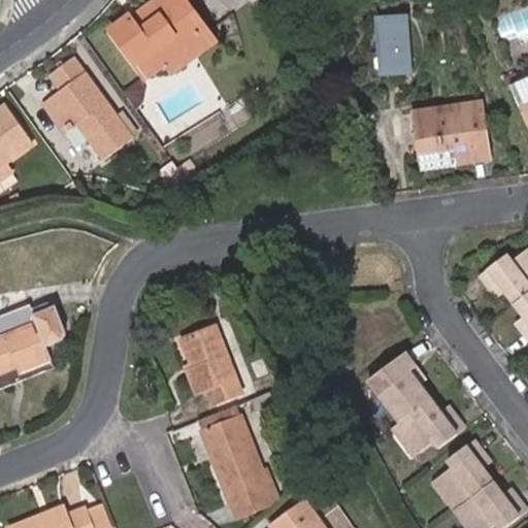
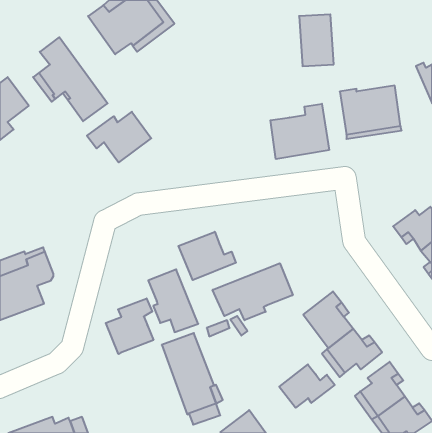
building: none -> [270,104,329,159]
building: none -> [87,112,151,162]
building: none -> [178,232,236,280]
building: none -> [213,263,293,320]
building: none -> [106,298,153,354]
building: none -> [279,364,335,408]

